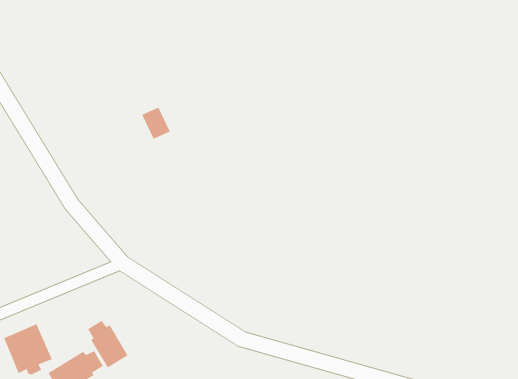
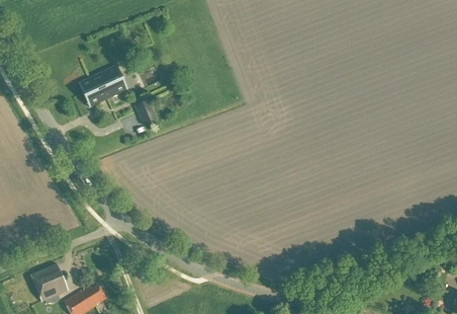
building: none -> [82,65,130,106]
building: [87,320,128,369] -> none

